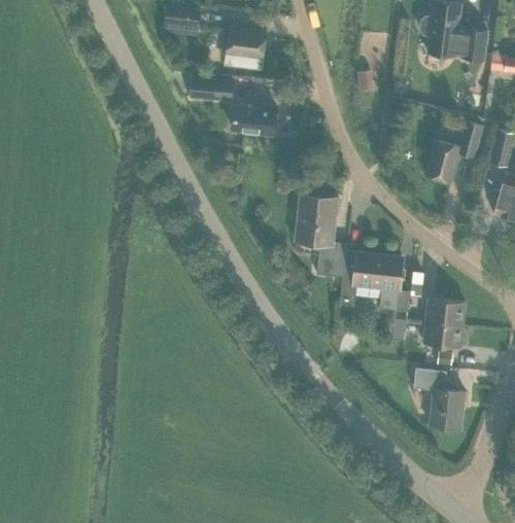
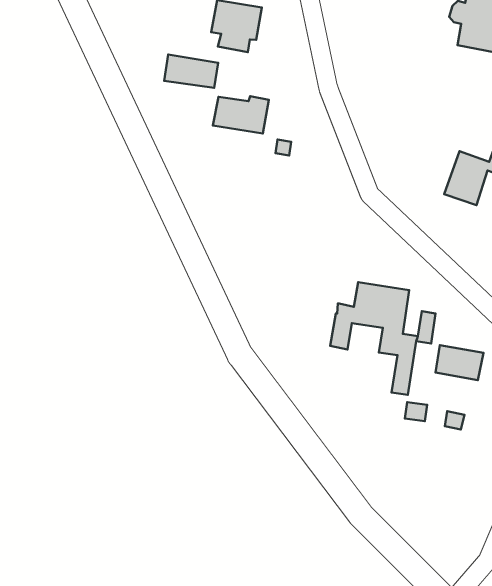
building: [295,197,348,278] -> none
building: [424,321,462,348] -> none
building: [414,369,466,429] -> none

